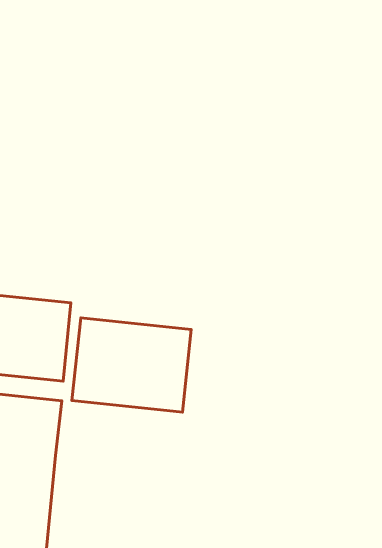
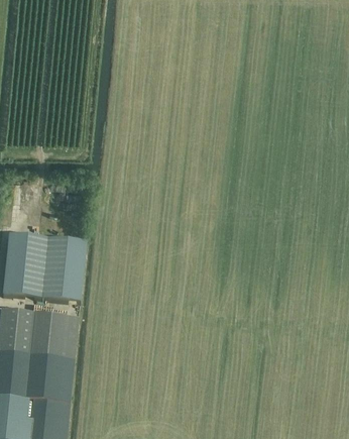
building: [72,318,191,412] -> none

